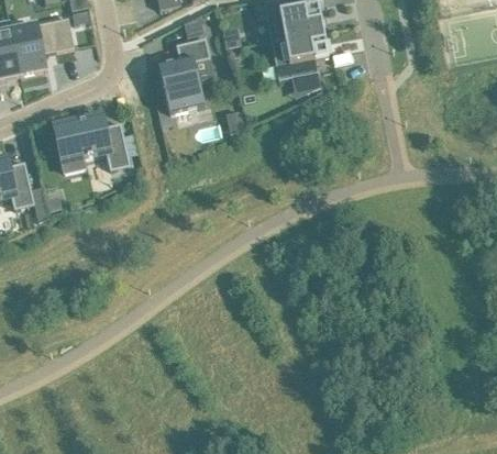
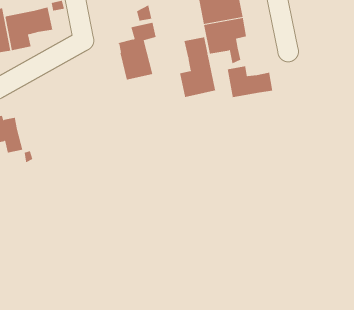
building: none -> [180,37,224,98]
building: none -> [227,66,273,105]
building: [54,115,131,173] -> none

